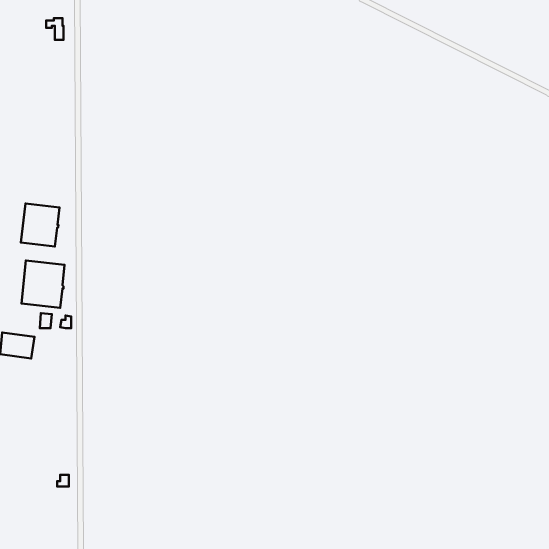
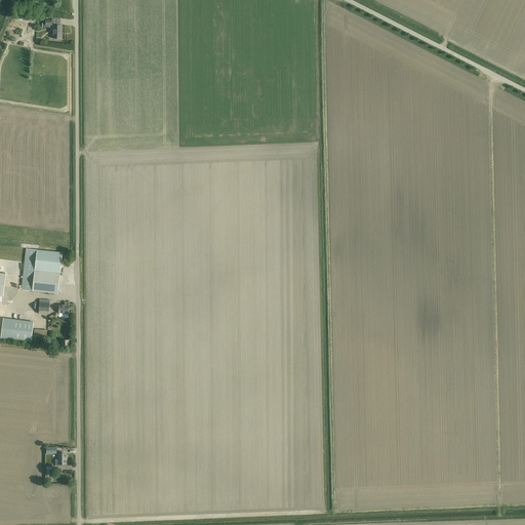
building: [21,204,60,246] -> none

